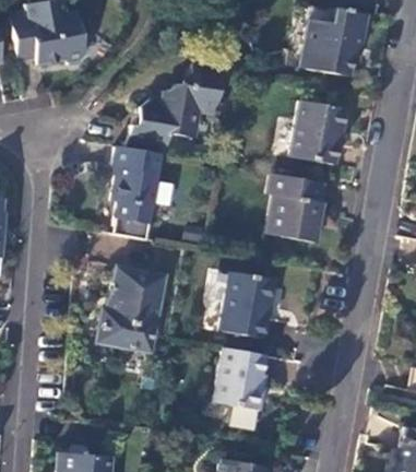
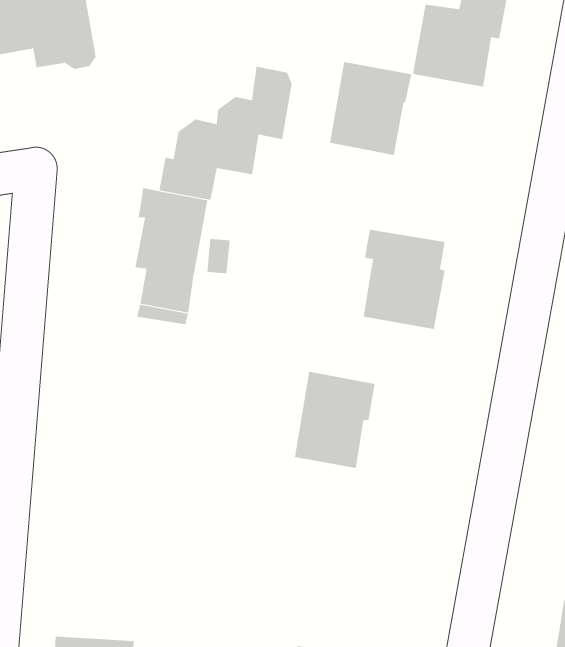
building: [290,101,347,165] -> [329,61,412,156]
building: [98,268,165,351] -> none
building: [214,347,268,410] -> none

